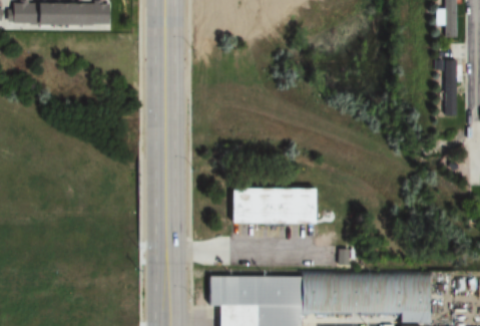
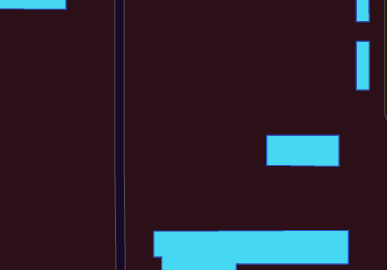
building: [230,189,314,224] -> [267,136,339,166]

